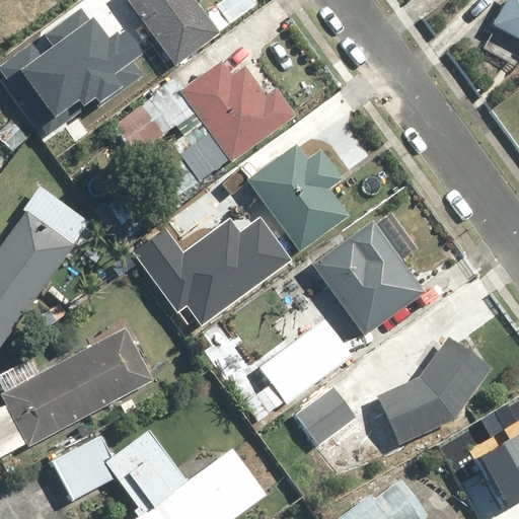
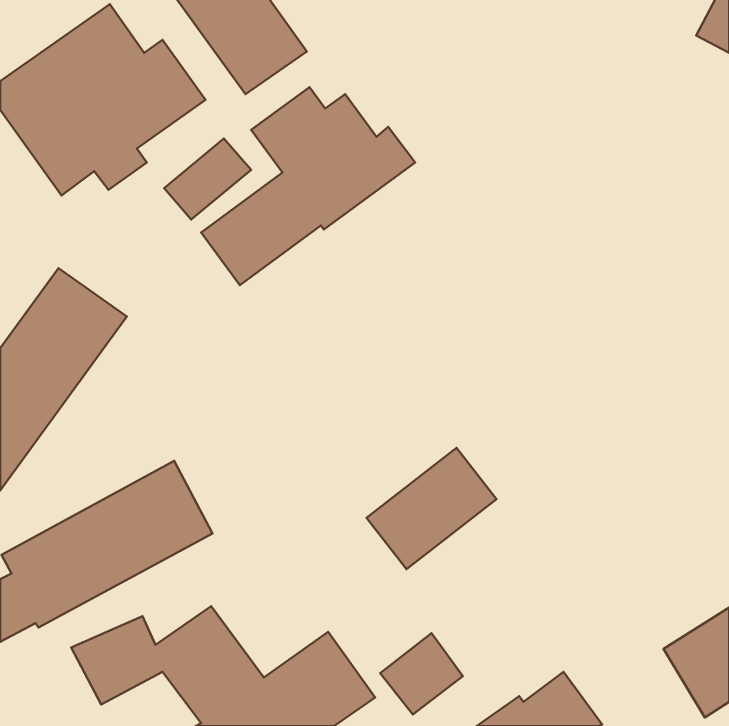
building: [247,145,347,251] -> none
building: [135,212,288,319] -> none
building: [312,215,424,338] -> none
building: [377,339,491,444] -> none
building: [295,386,354,444] -> [380,633,463,715]

